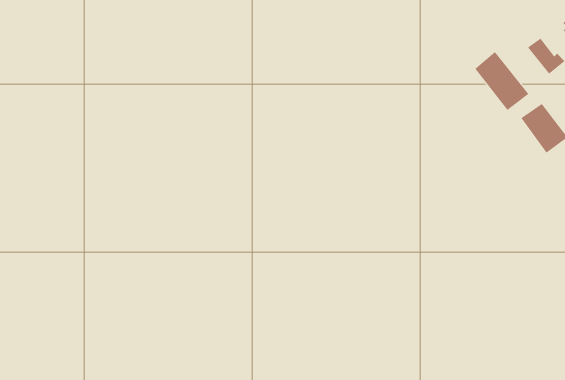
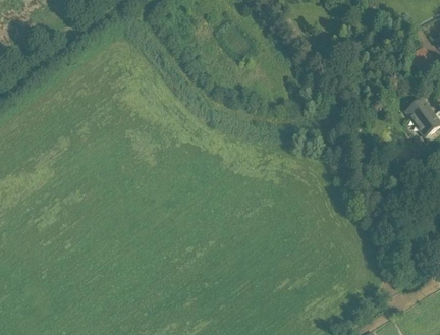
building: [475,51,529,111] -> none

